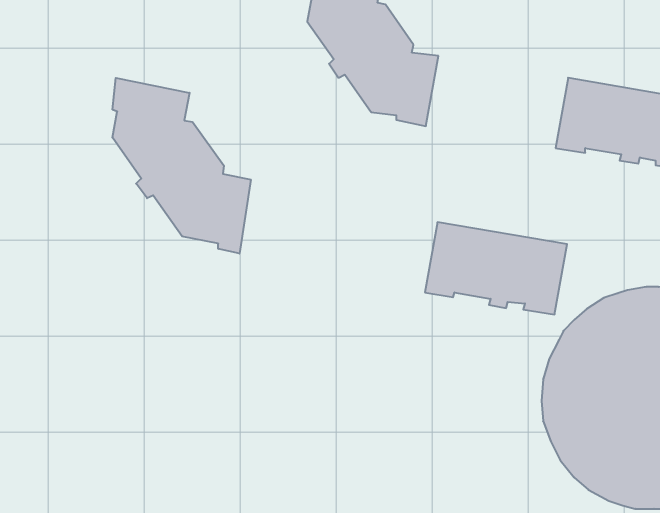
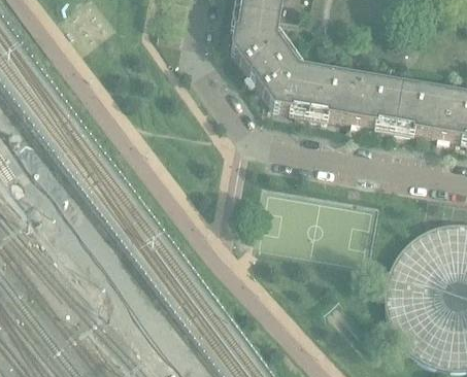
building: [112,78,251,254] -> none
building: [425,222,567,314] -> [310,67,404,128]

